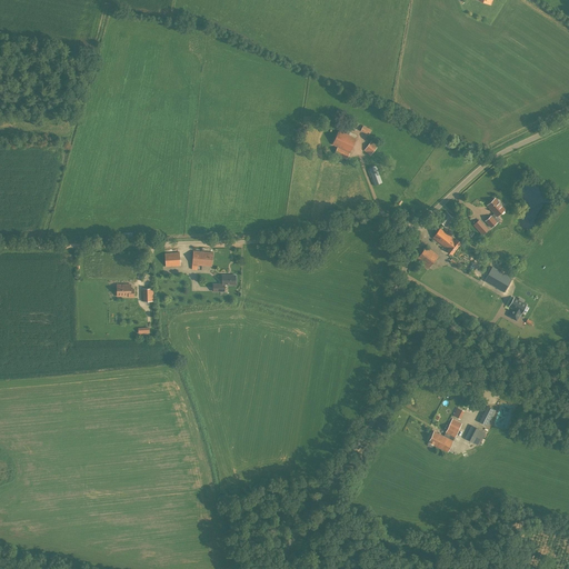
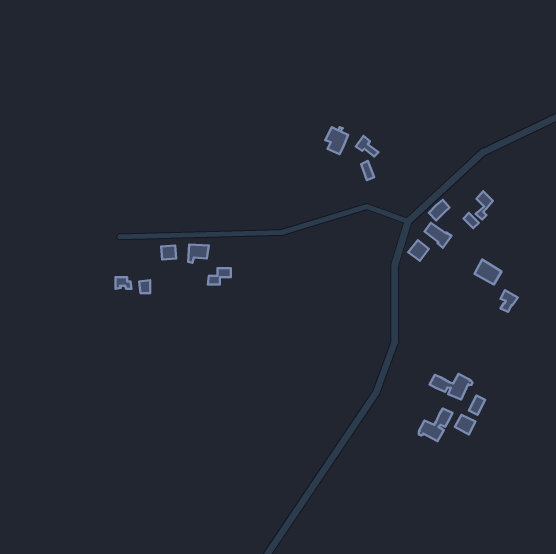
building: none -> [429,374,472,399]

